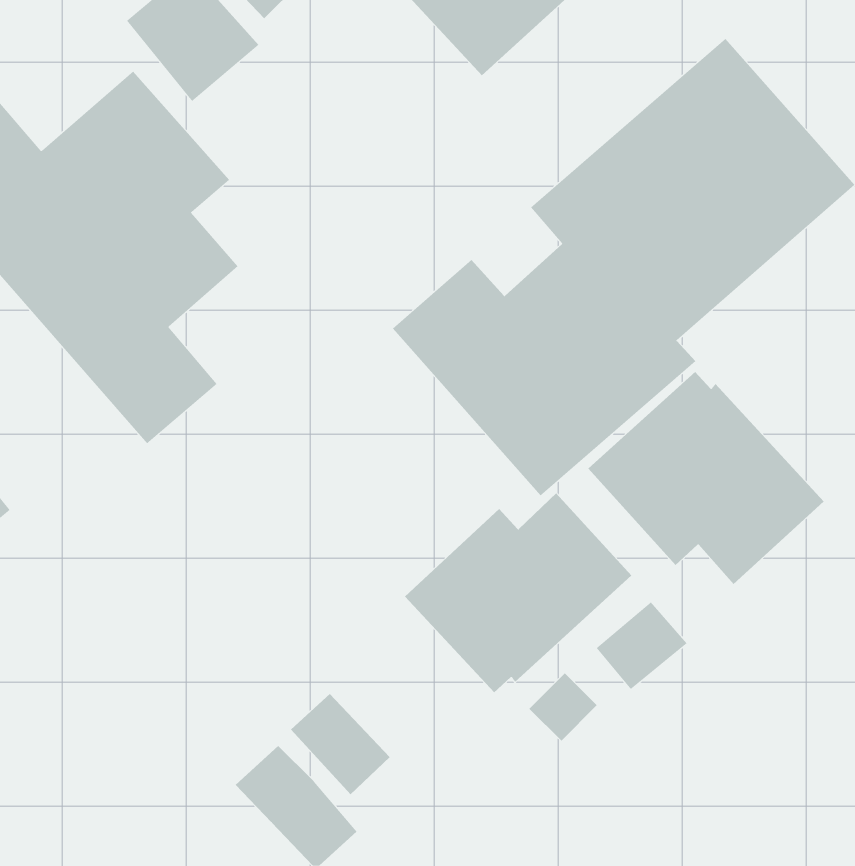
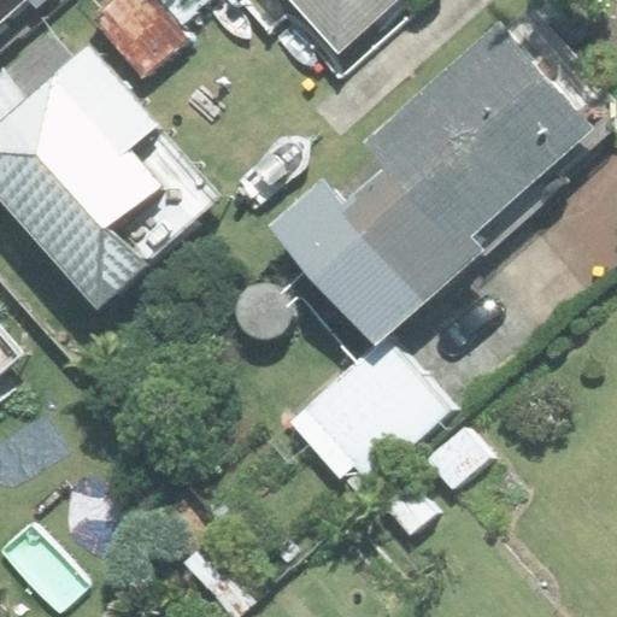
building: [588,371,824,585] -> none

